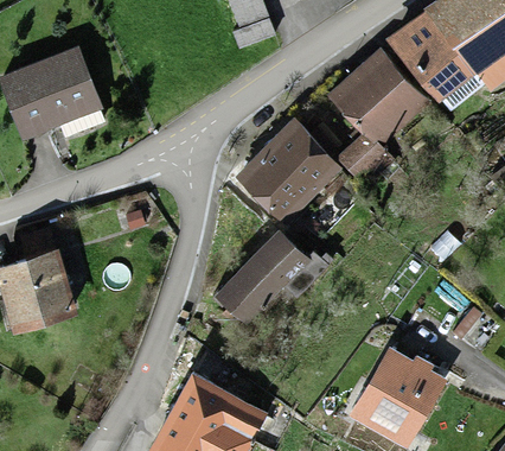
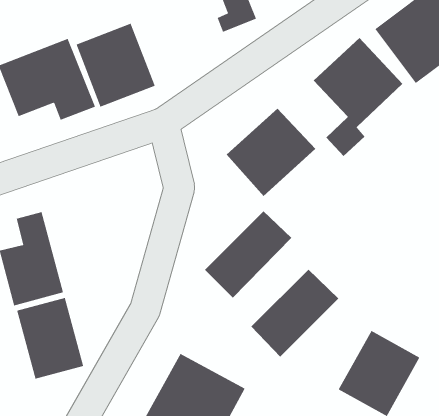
building: none -> [76,23,155,108]
building: none -> [251,269,339,357]
building: none -> [16,297,84,379]

